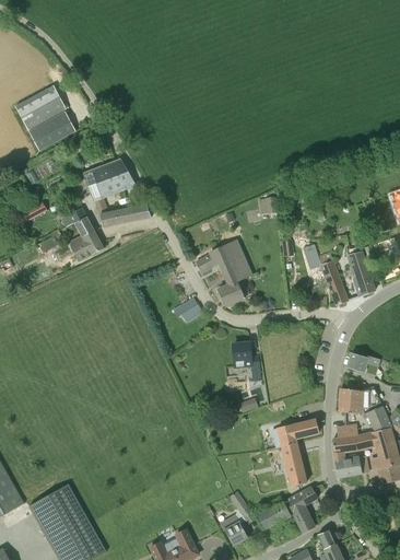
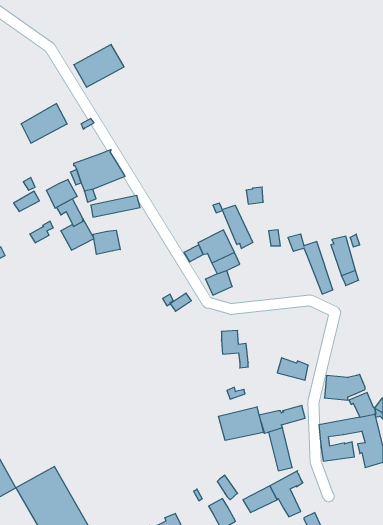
building: [15,85,67,129] -> [74,44,124,87]
building: none -> [46,179,77,208]
building: none -> [222,205,253,249]
building: none -> [93,230,120,254]
building: [348,352,379,375] -> [277,358,308,380]
building: none -> [218,407,263,440]

